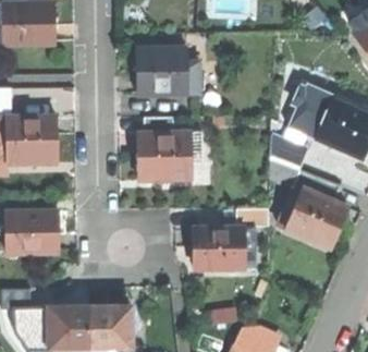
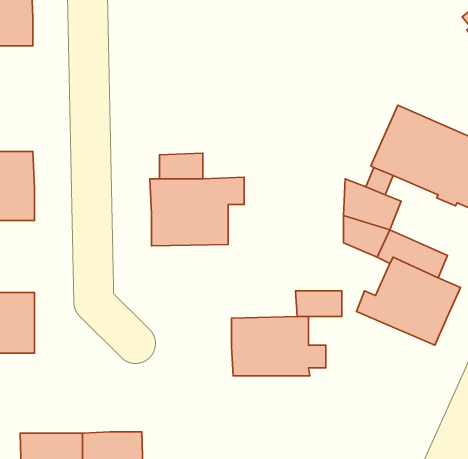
building: [136,48,198,94] -> none

